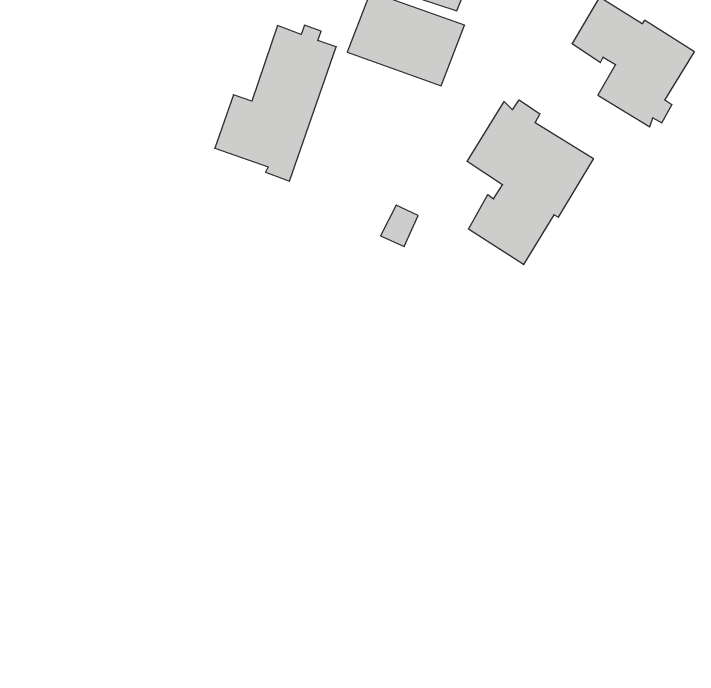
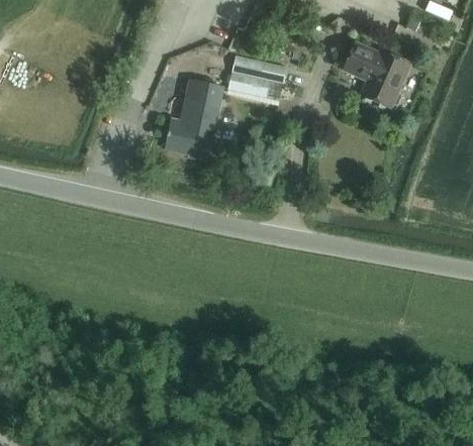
building: [467,100,593,265] -> none

